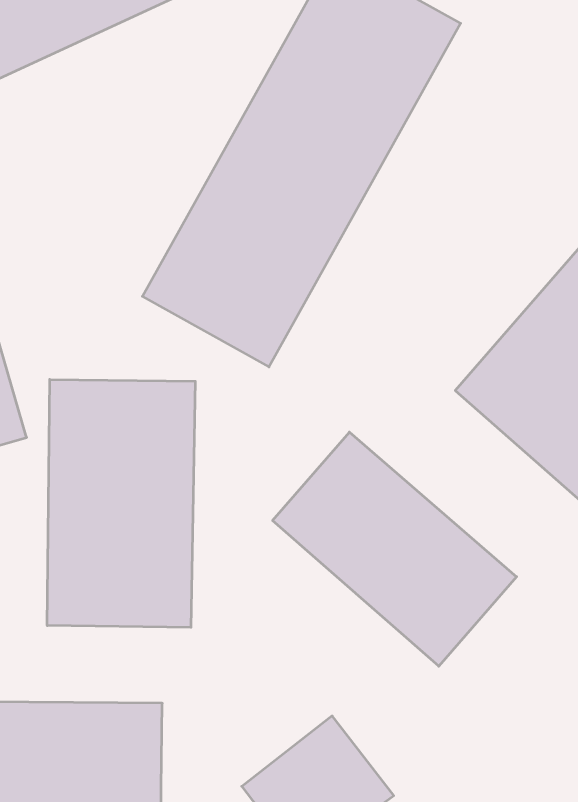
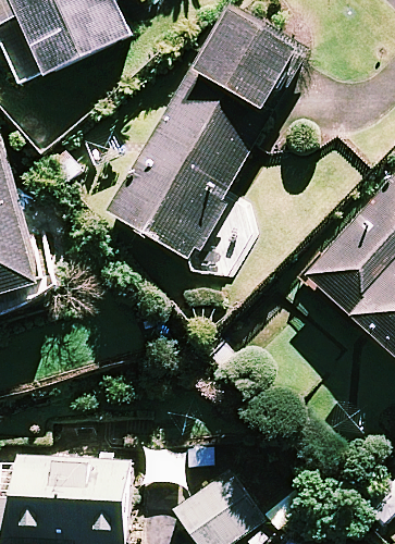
building: [47,379,195,627] -> none
building: [273,432,517,666] -> none

